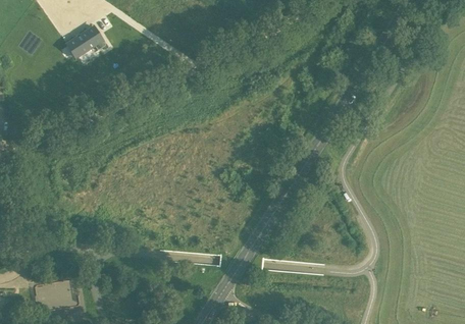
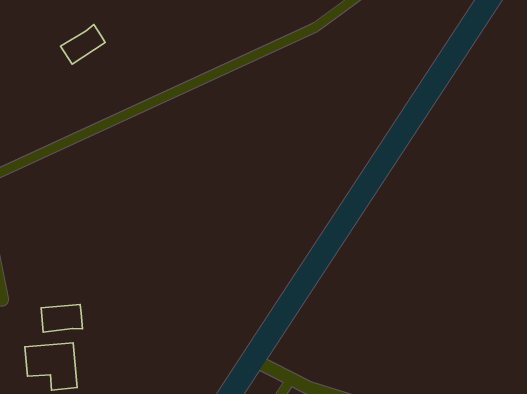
building: none -> [41,305,82,332]

